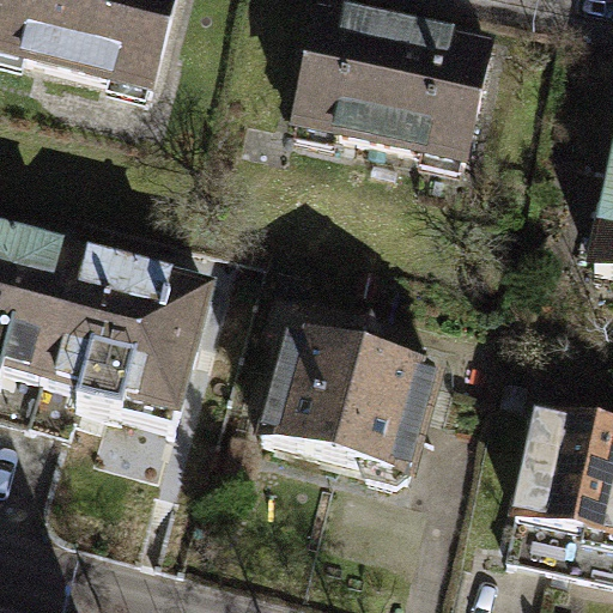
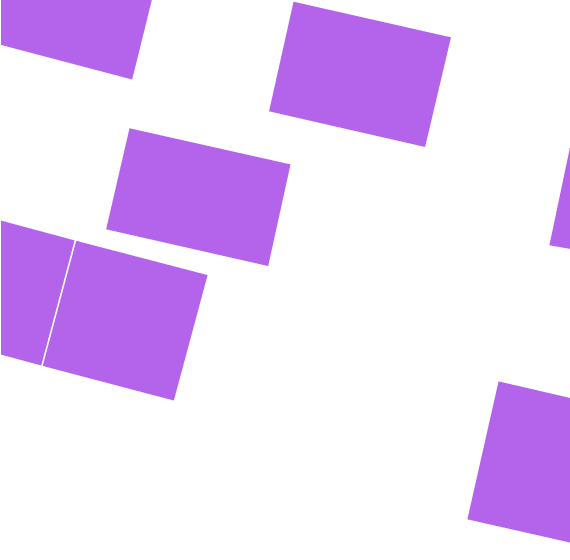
building: none -> [106,127,291,267]
building: [259,327,432,471] -> none

